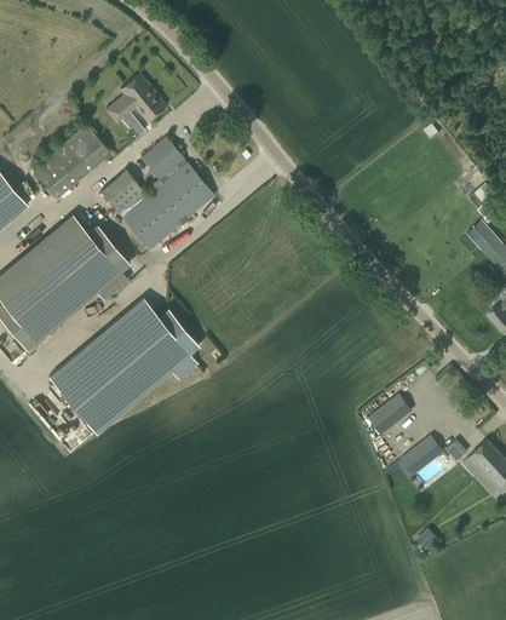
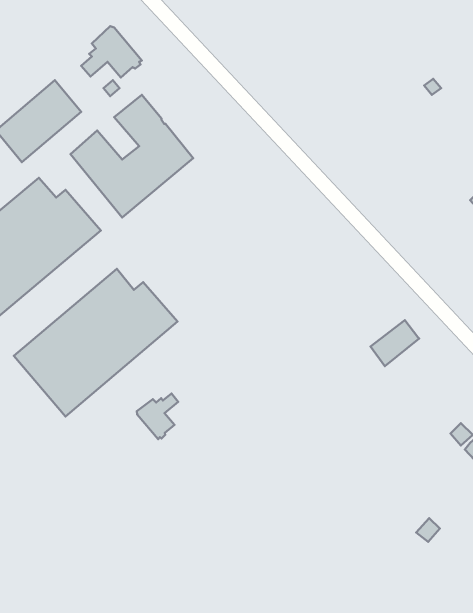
building: [368,395,413,437] -> [370,320,419,366]
building: none -> [137,393,178,439]
building: [401,437,444,478] -> none

